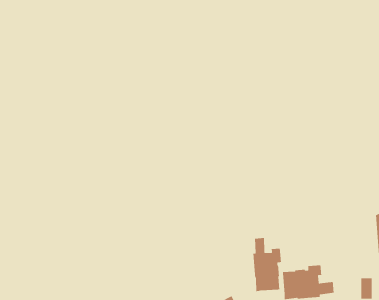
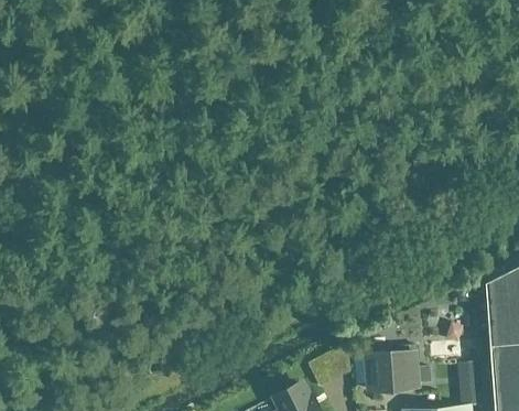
building: [253,237,282,292] -> none

